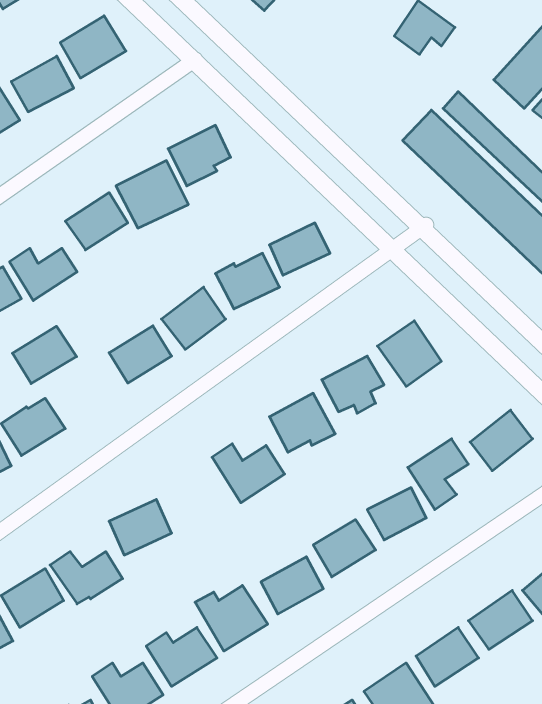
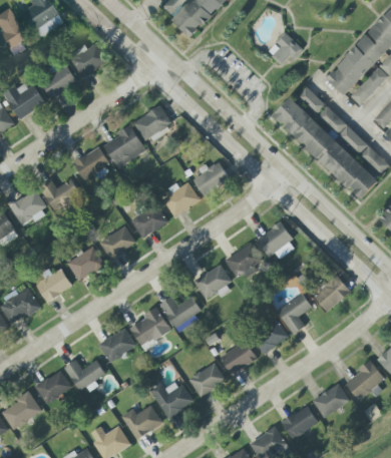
building: [12,326,77,384] -> [66,247,104,281]
building: none -> [128,307,170,348]

